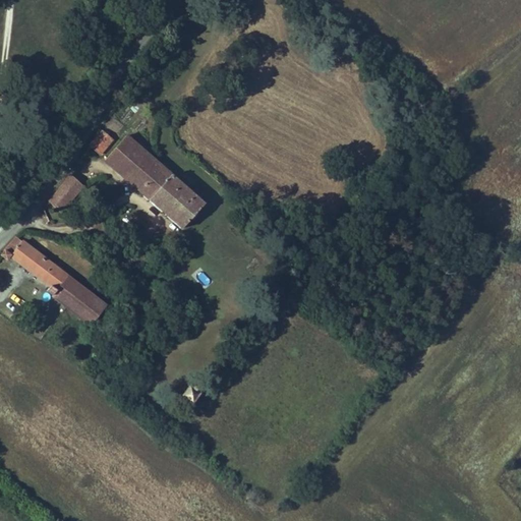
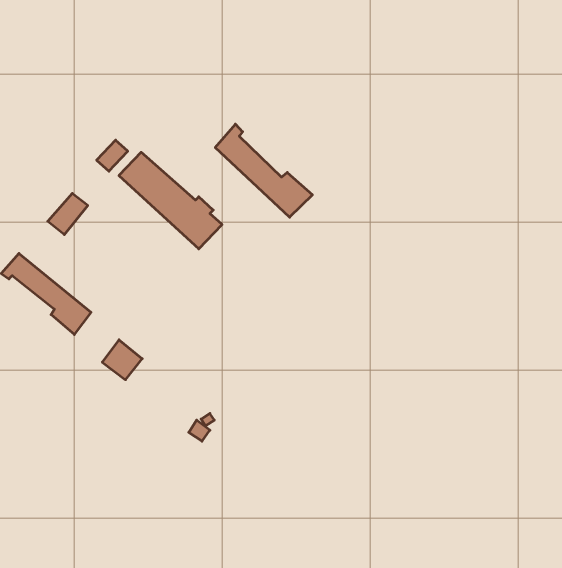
building: none -> [215,124,312,217]
building: [68,286,105,323] -> [102,340,142,380]

